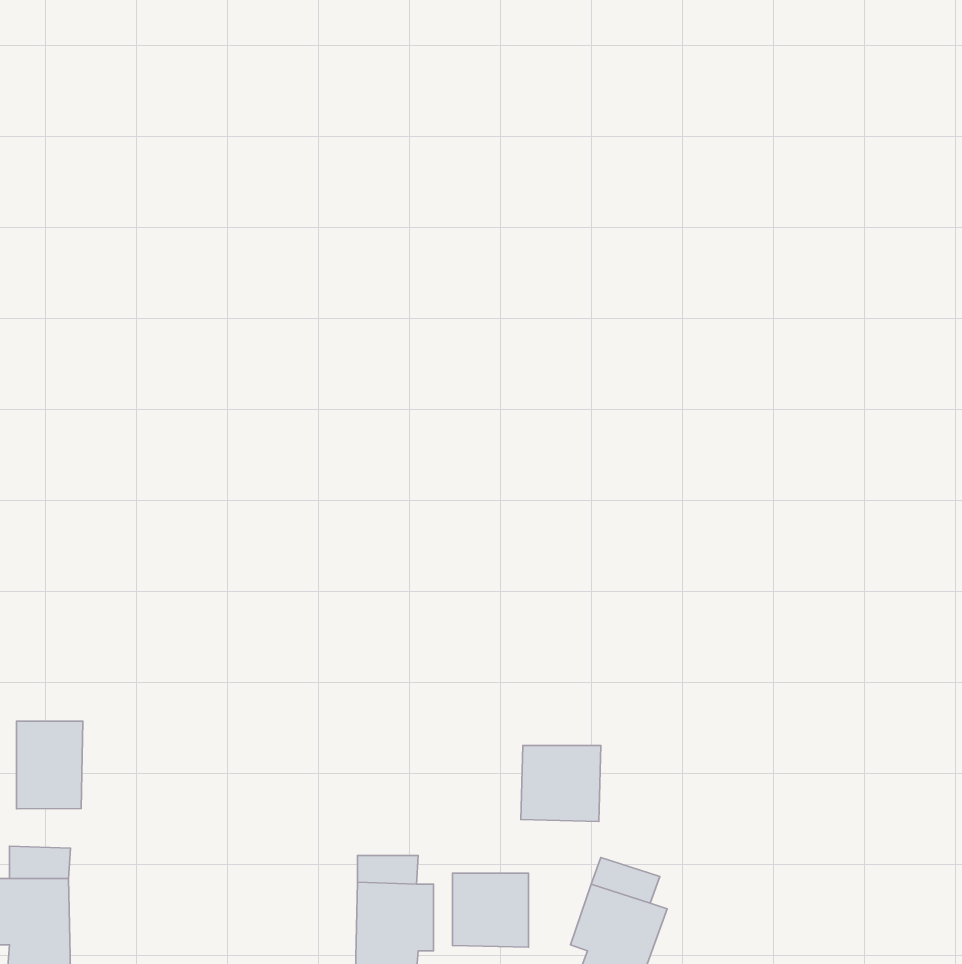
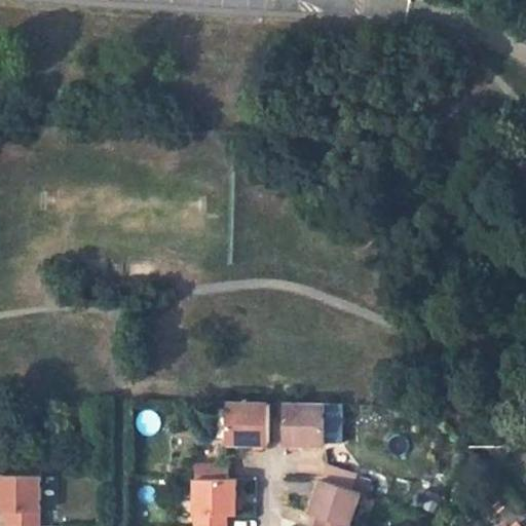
building: [16,721,83,809] -> none
building: [453,873,529,947] -> [226,406,267,446]

